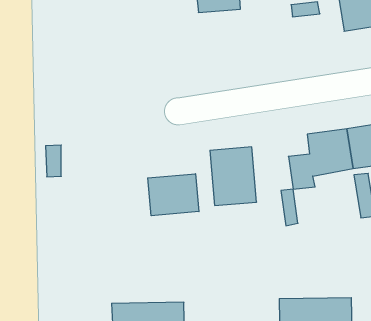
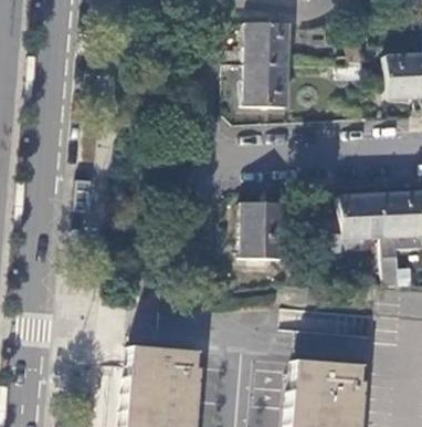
building: none -> [246,65,288,106]
building: [148,174,199,216] -> none

